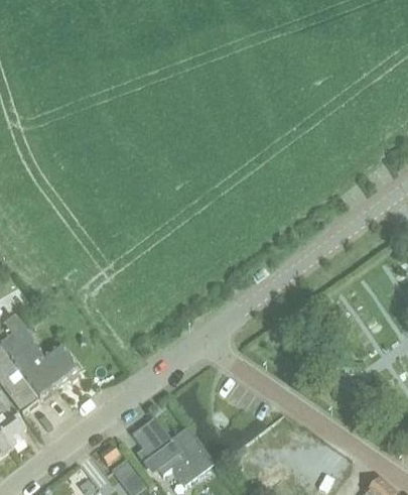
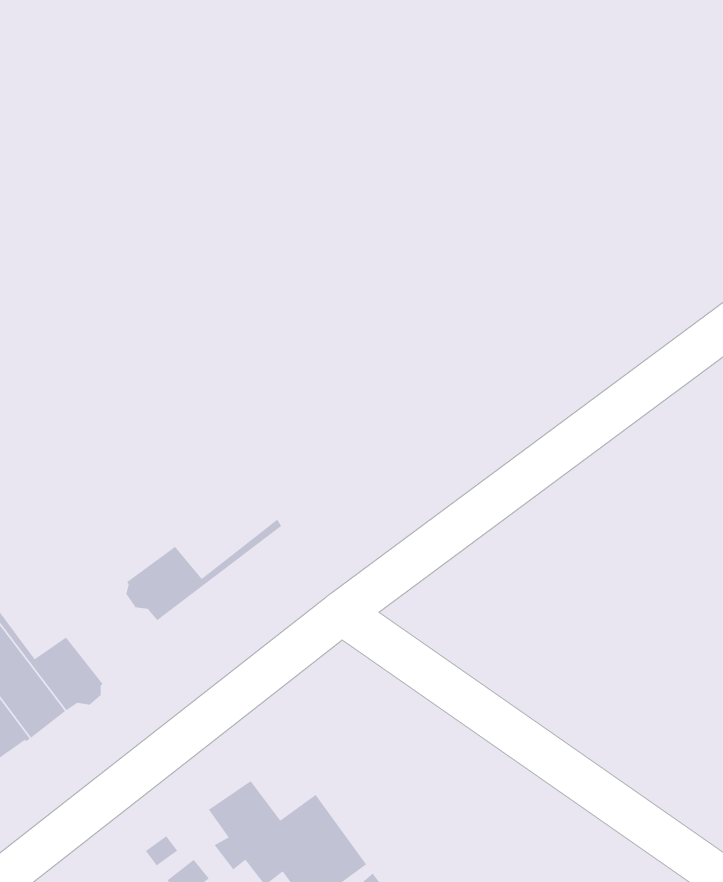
building: none -> [125,518,282,621]

